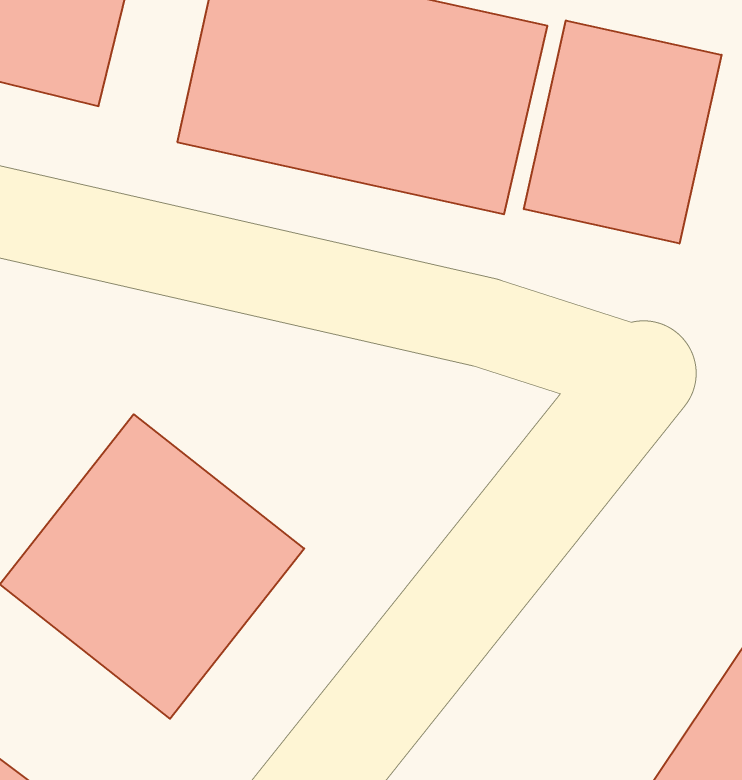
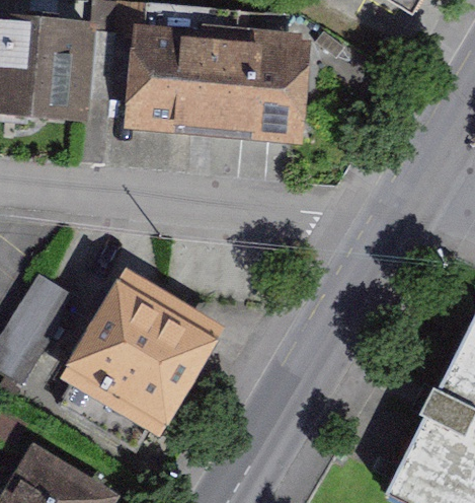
building: [524,20,722,244] -> none

